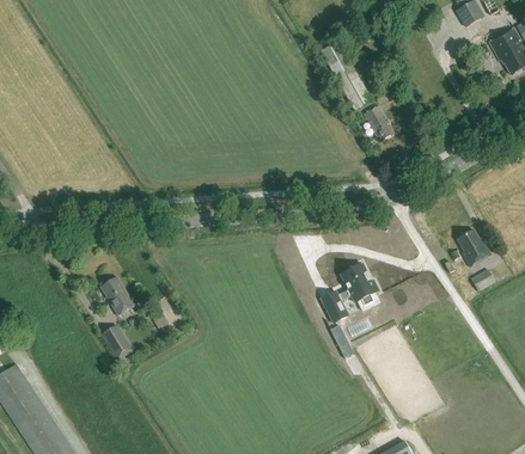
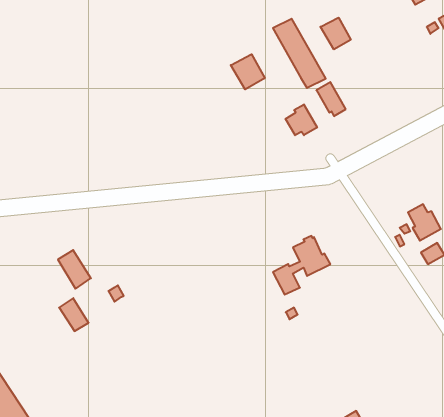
building: none -> [320,18,351,49]
building: none -> [231,54,265,89]
building: none -> [286,104,317,135]

